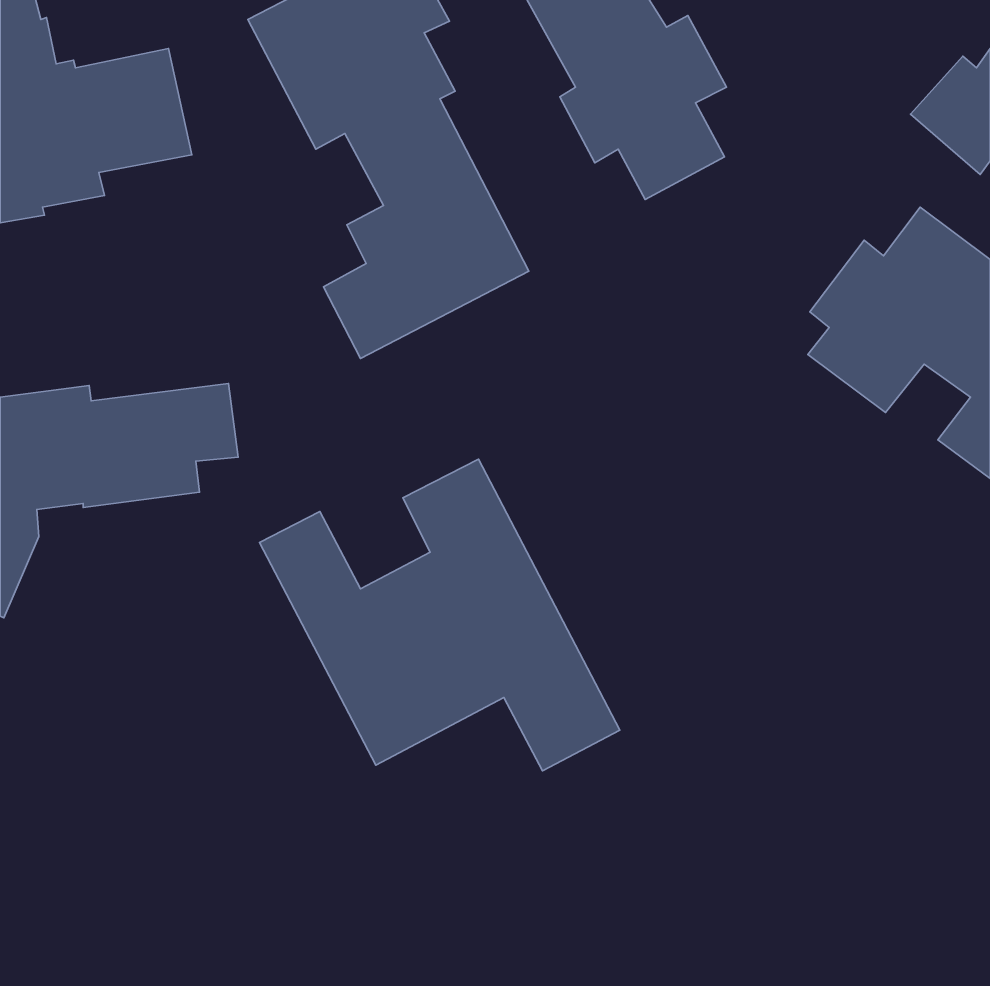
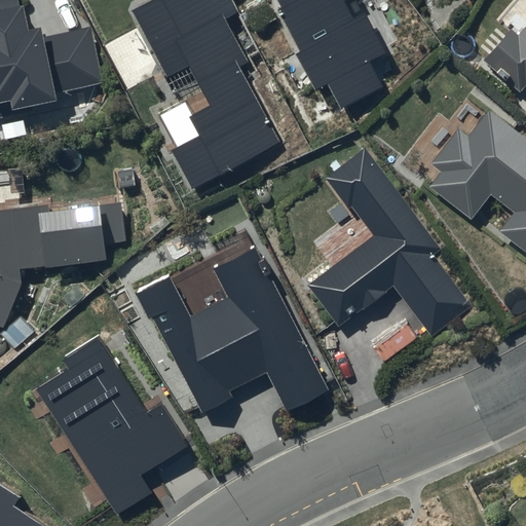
building: none -> [307,146,472,335]
building: none -> [36,330,185,515]

